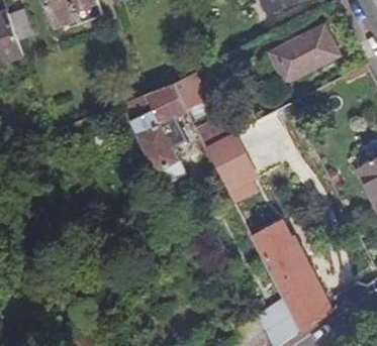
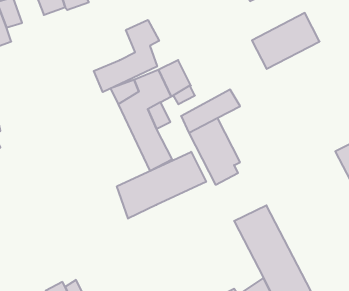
building: none -> [94,20,159,92]
building: none -> [117,152,206,219]

